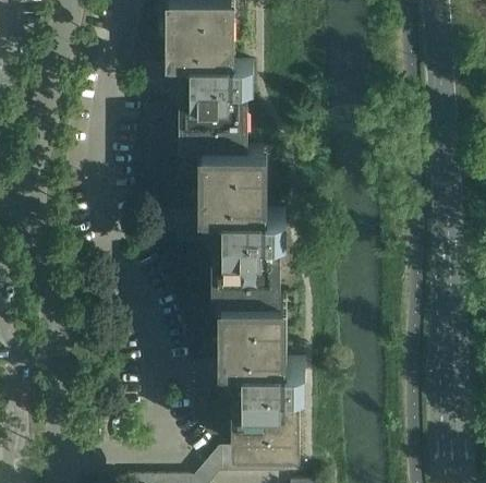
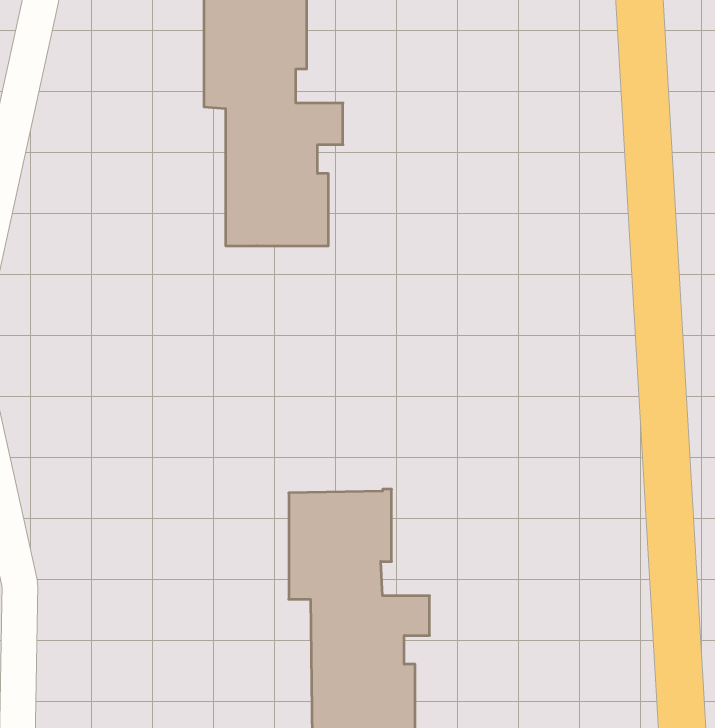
building: [198,152,283,302] -> none

